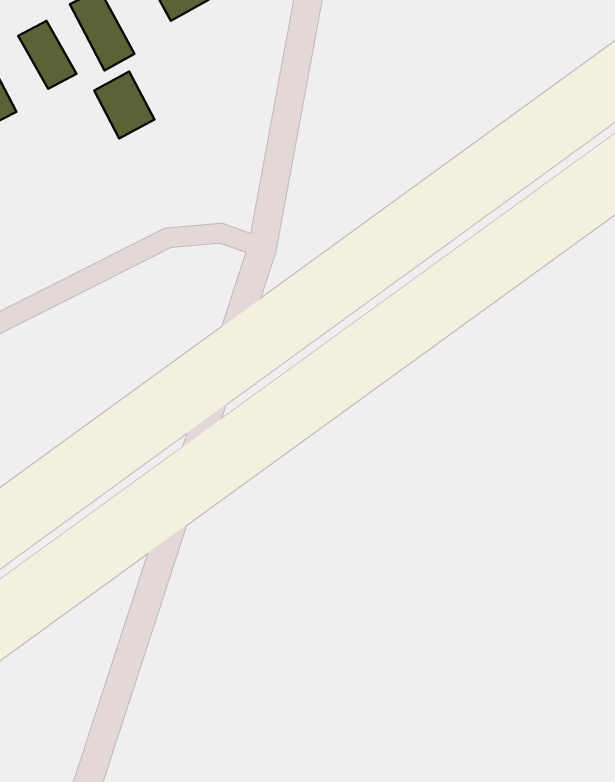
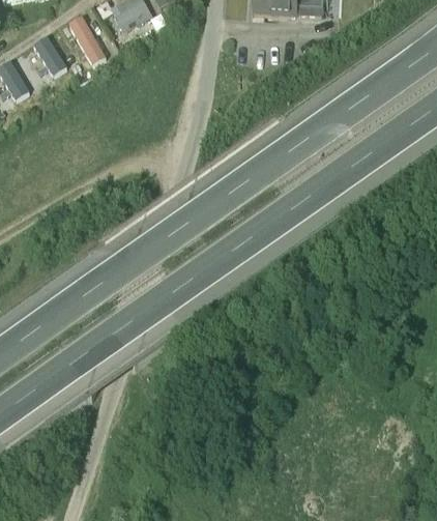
building: [94,71,154,139] -> none

